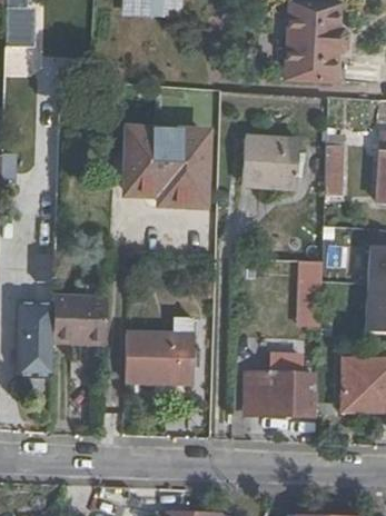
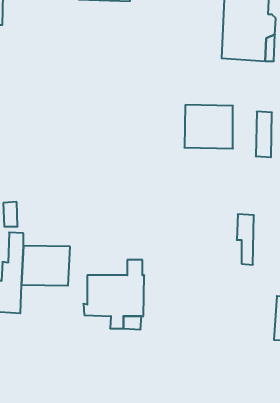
building: [127,130,205,205] -> none
building: [248,358,316,416] -> none

